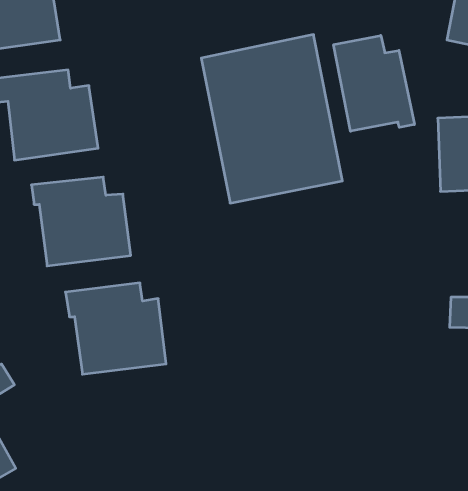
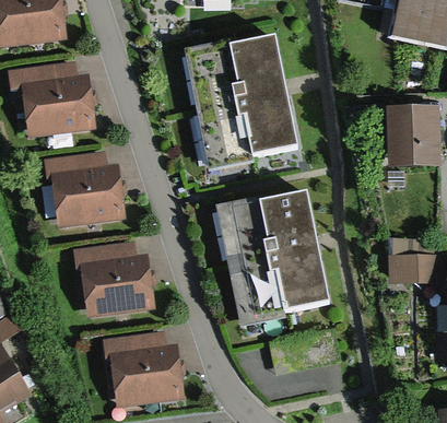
building: [334,35,414,131] -> none
building: none -> [219,189,329,328]
building: none -> [102,332,183,406]

